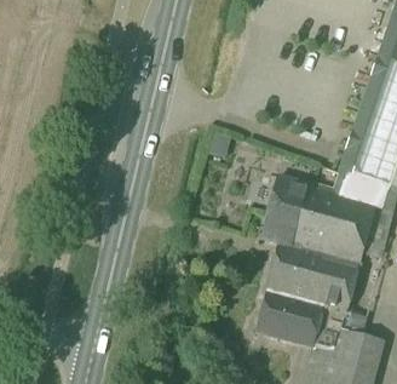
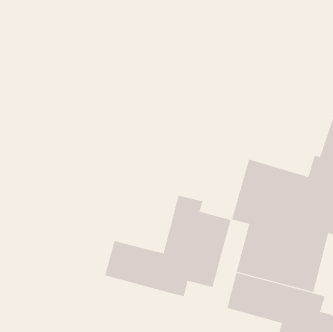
building: none -> [104,195,231,297]

